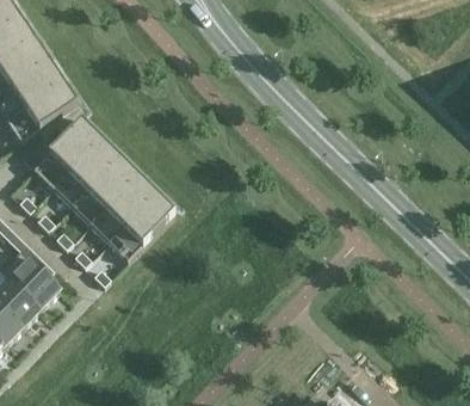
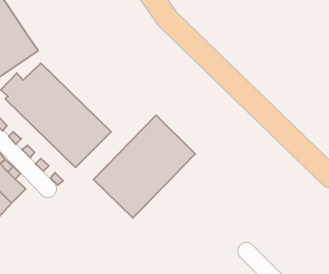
building: none -> [94,115,195,218]

